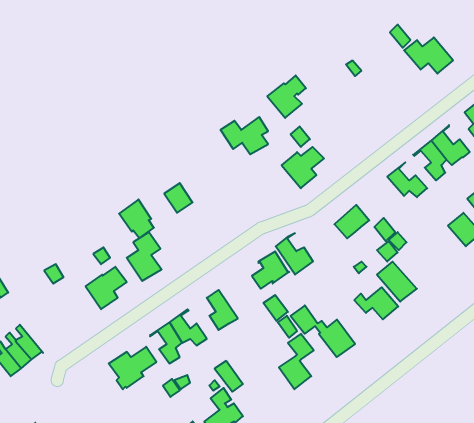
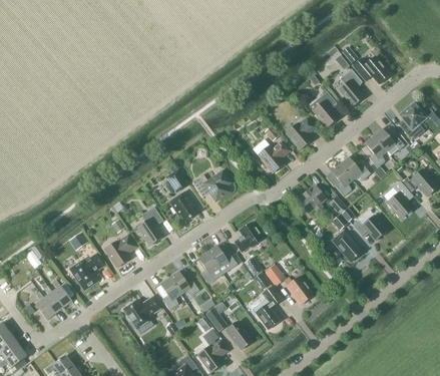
building: none -> [339,69,364,106]
building: [267,75,306,118] -> [286,117,316,150]
building: none -> [313,91,339,127]
building: [220,117,268,154] -> [192,171,230,201]
building: none -> [327,164,353,197]
building: [119,199,154,238] -> [169,192,196,222]
building: [276,233,313,275] -> [208,243,238,275]
building: [354,287,398,319] -> [353,216,387,241]
building: none -> [70,255,103,290]
building: none -> [226,321,254,350]

